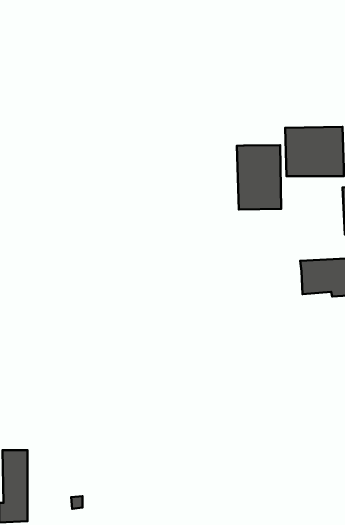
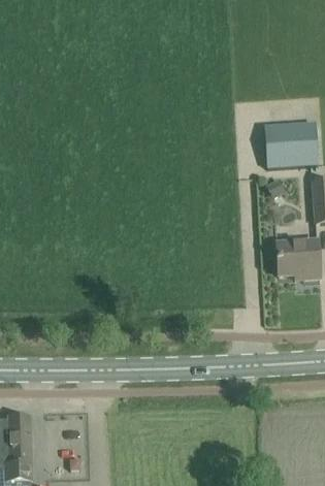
building: [237,145,281,209] -> none

